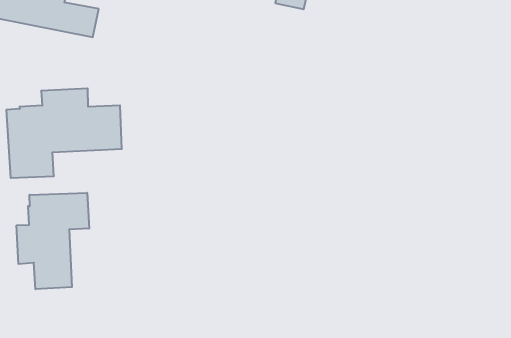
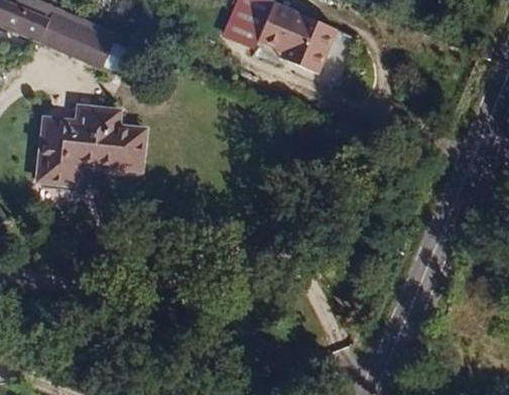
building: [17,193,89,289] -> none

